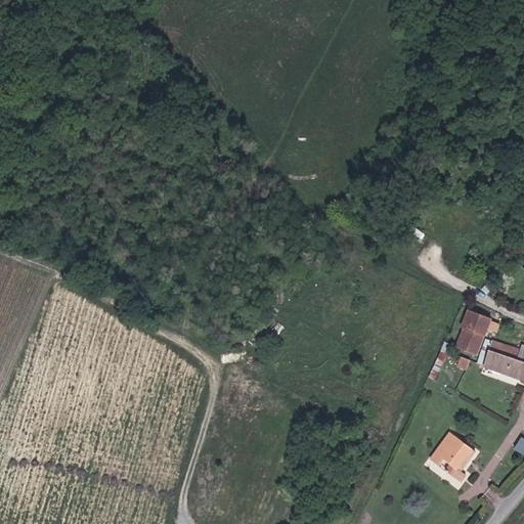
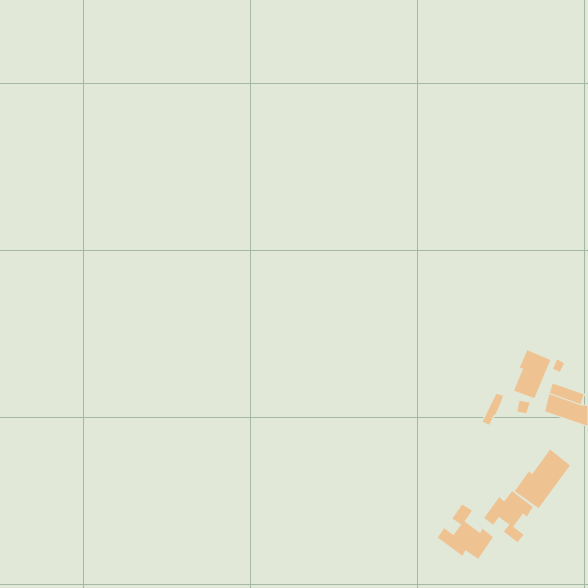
building: none -> [514,448,571,509]
building: none -> [437,503,494,560]

